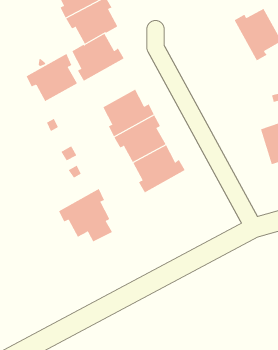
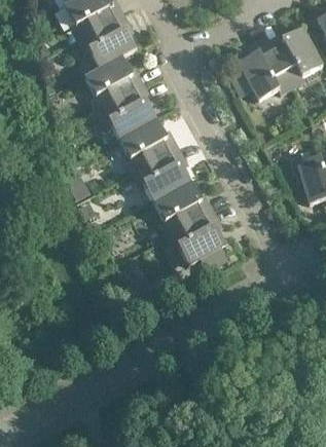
building: none -> [227,40,292,99]
building: [26,53,78,102] -> [97,83,155,138]
building: [58,188,113,242] -> [166,209,227,269]

